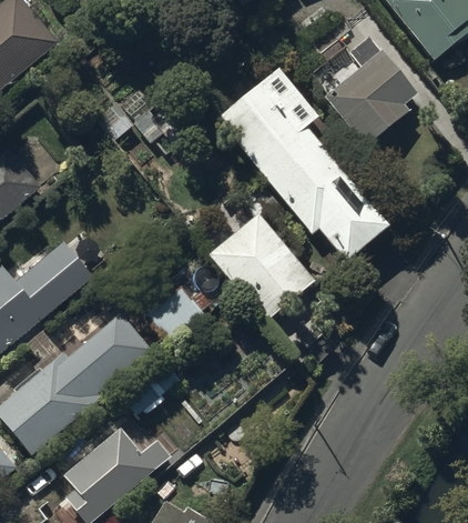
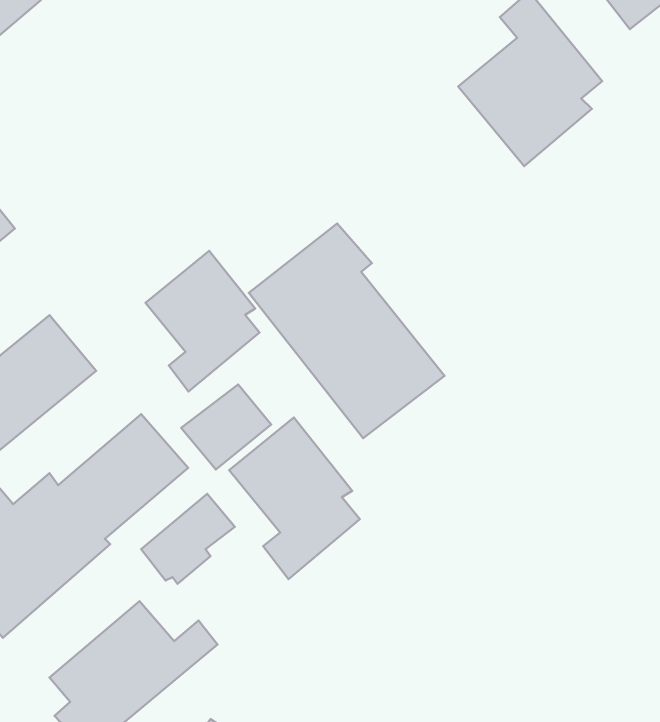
building: [216,68,389,263] -> none
building: none -> [145,251,259,392]
building: none -> [229,418,360,579]

